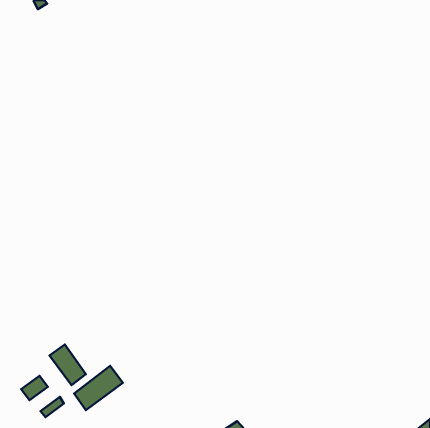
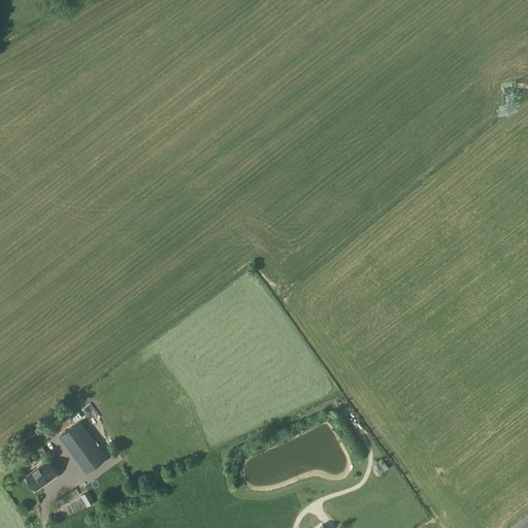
building: [74,366,123,410] -> none

